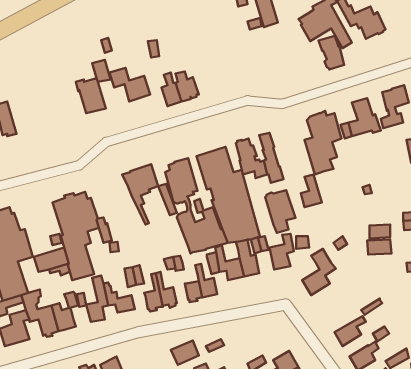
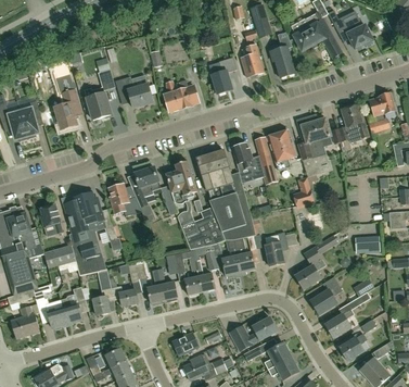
building: none -> [241,43,264,76]
building: [319,36,344,70] -> [270,46,294,77]
building: none -> [212,57,237,93]
building: none -> [55,74,79,128]
building: none -> [20,100,42,138]
building: none -> [110,183,143,215]
building: [265,190,295,233] -> [268,129,296,170]
building: none -> [41,203,63,233]
building: none -> [310,276,343,314]
building: none -> [230,316,277,350]

